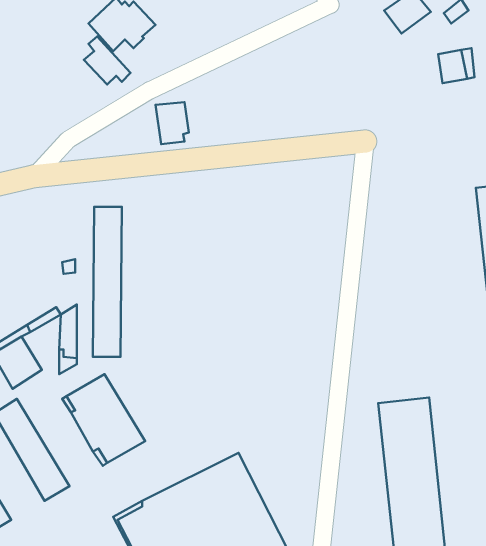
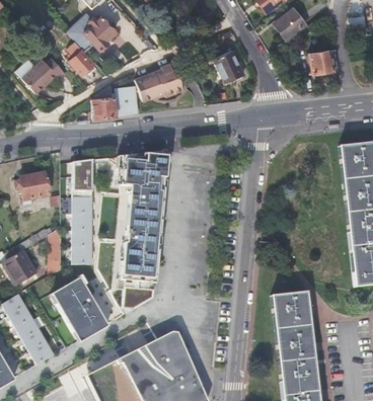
building: none -> [216,51,242,82]
building: none -> [16,58,67,93]
building: none -> [137,65,185,99]
building: none -> [92,84,117,117]
building: none -> [116,150,166,308]
building: none -> [14,171,49,199]

